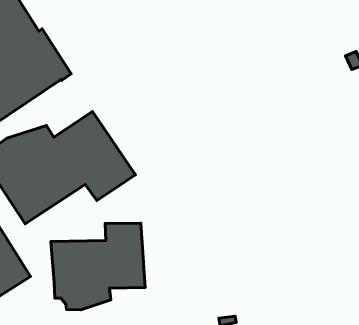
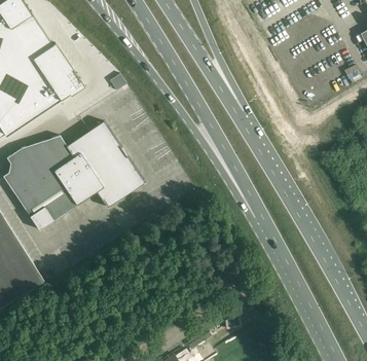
building: [51,223,145,310] -> none

